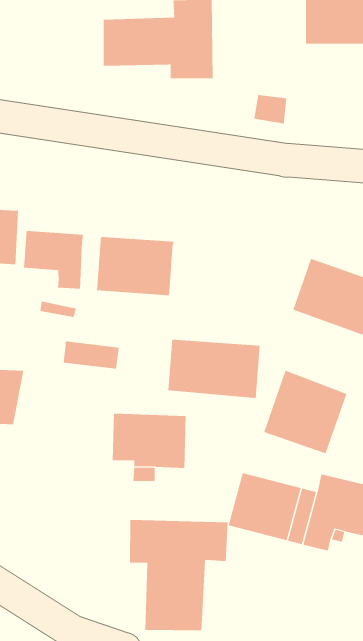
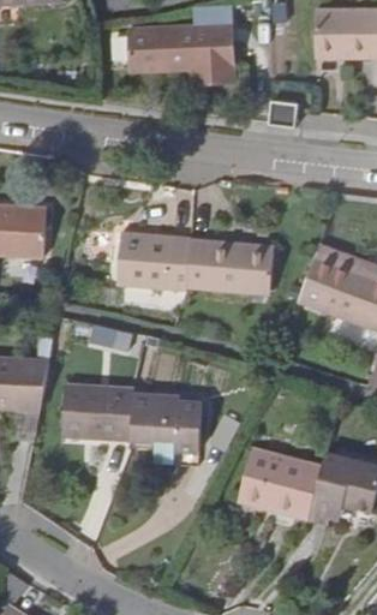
building: [23,230,83,290] -> none
building: [167,339,260,398] -> [186,239,273,294]
building: [263,370,347,454] -> none
building: none -> [65,387,133,441]
building: [130,519,228,631] -> none

